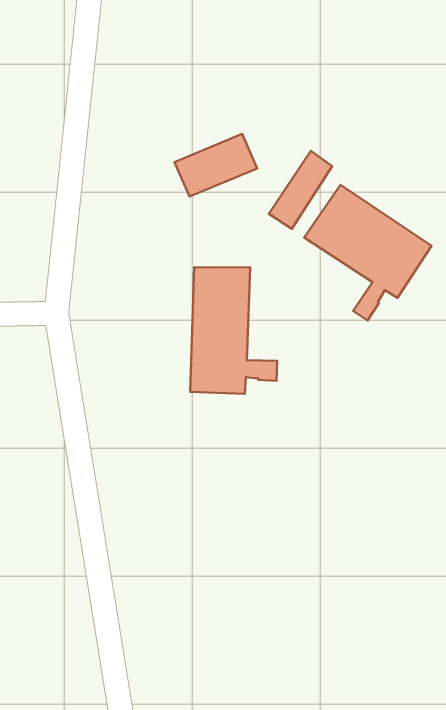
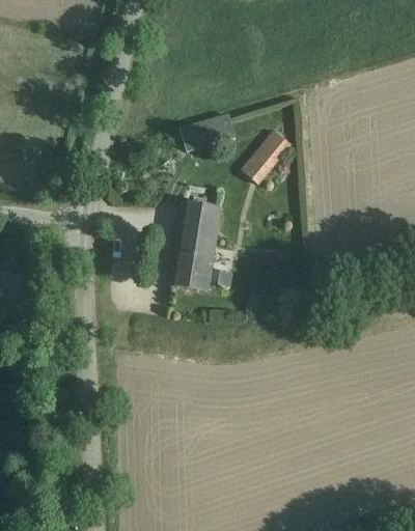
building: [304,185,432,321] -> none

